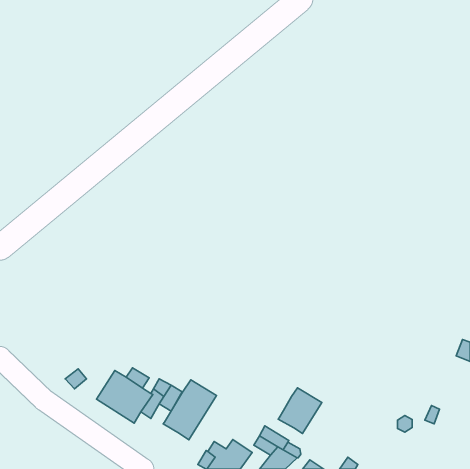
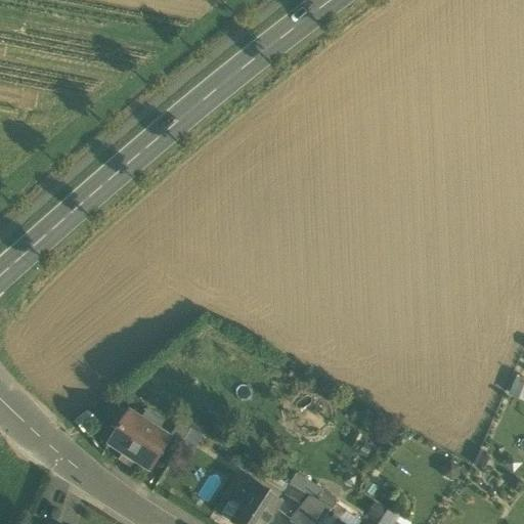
building: [163,380,217,440] -> none
building: [278,388,322,434] -> none

